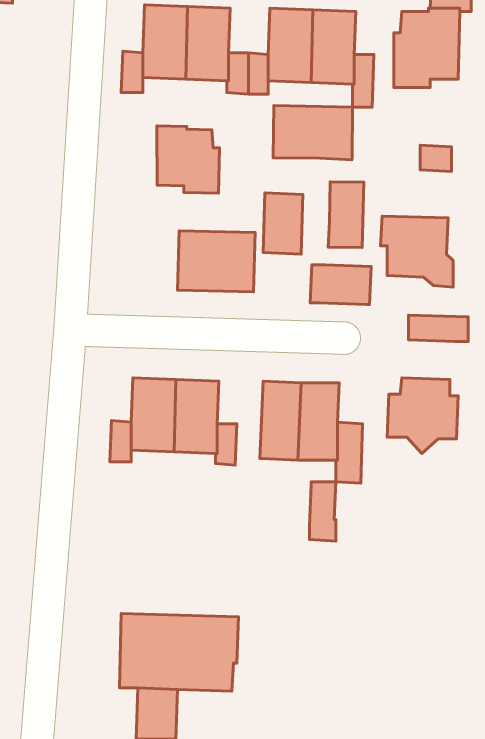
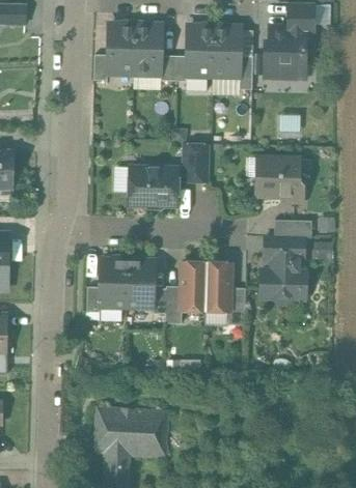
building: [273,105,352,160] -> none
building: [157,126,219,193] -> none
building: [328,182,364,247] -> none
building: [310,265,371,304] -> [265,236,303,261]
building: [310,482,336,541] -> [165,287,182,324]

